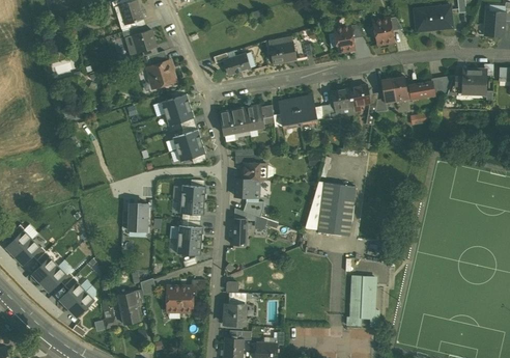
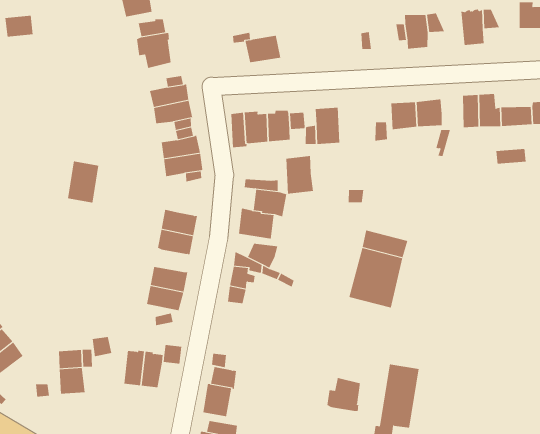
building: [268,42,295,63] -> none
building: [294,94,317,123] -> [285,156,314,194]
building: [128,203,147,231] -> [67,161,99,203]
building: none -> [327,377,361,412]

